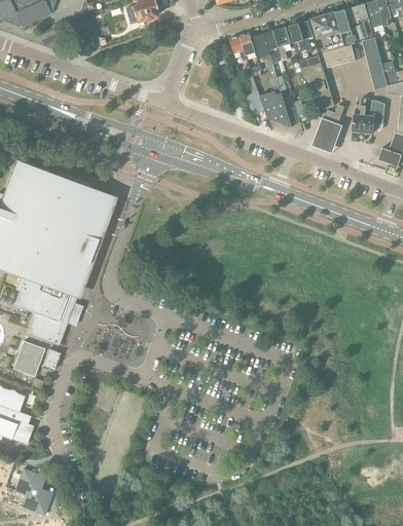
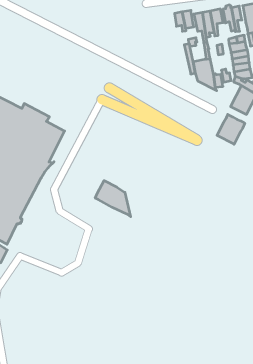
building: none -> [217,114,245,144]
building: none -> [95,181,131,217]

